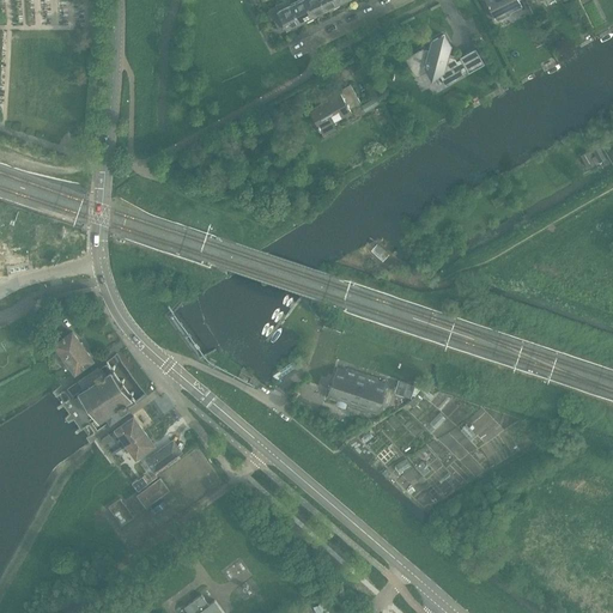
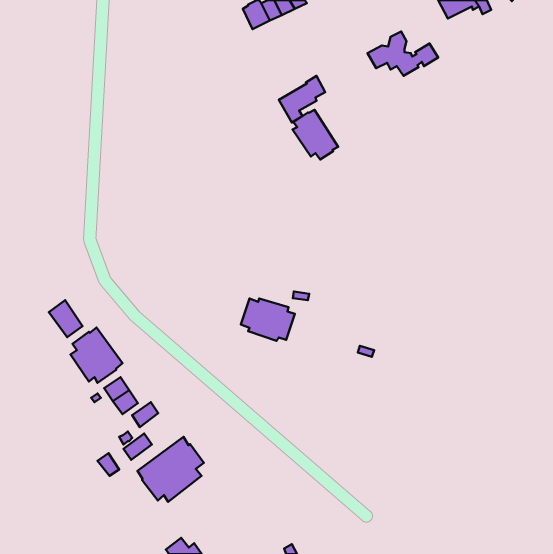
building: none -> [293,110,338,160]
building: [326,368,386,414] -> [241,299,295,341]
building: none -> [138,437,204,502]

